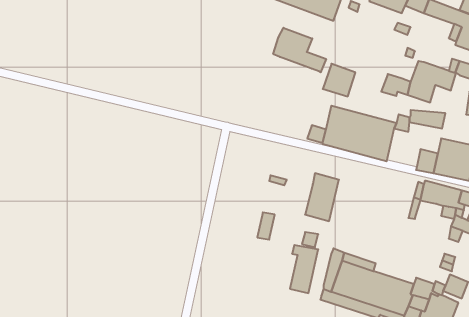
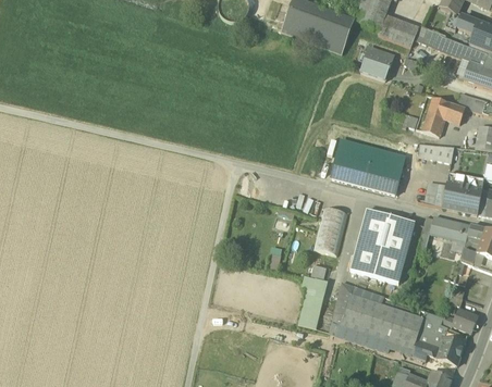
building: [273,28,326,72] -> none
building: [323,64,355,96] -> [361,47,394,79]
building: none -> [350,209,416,284]

